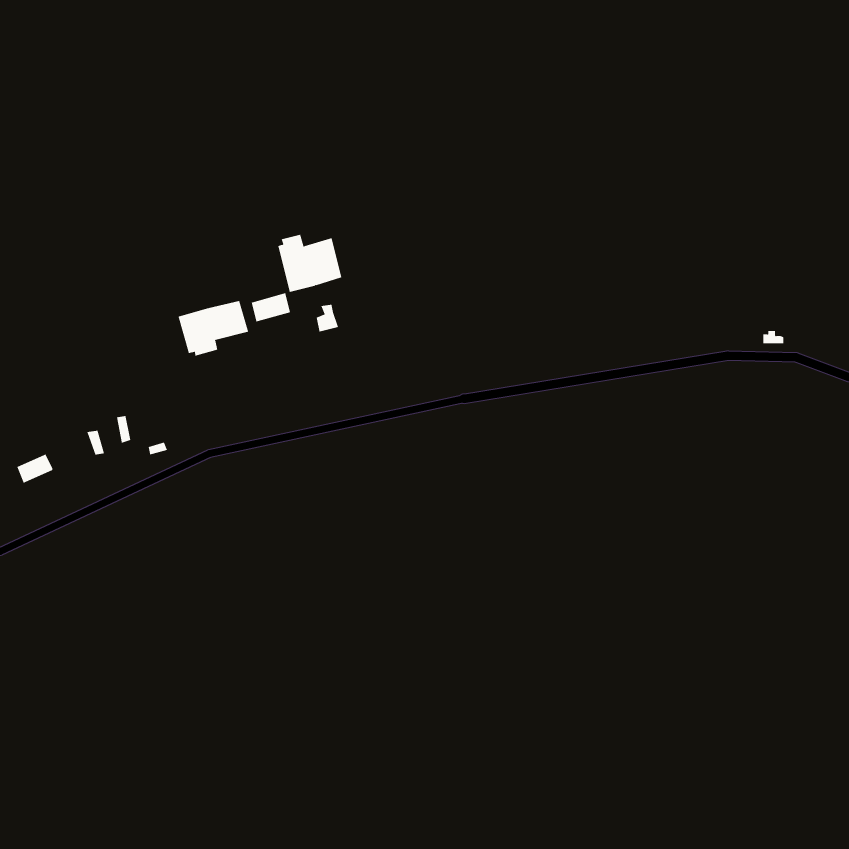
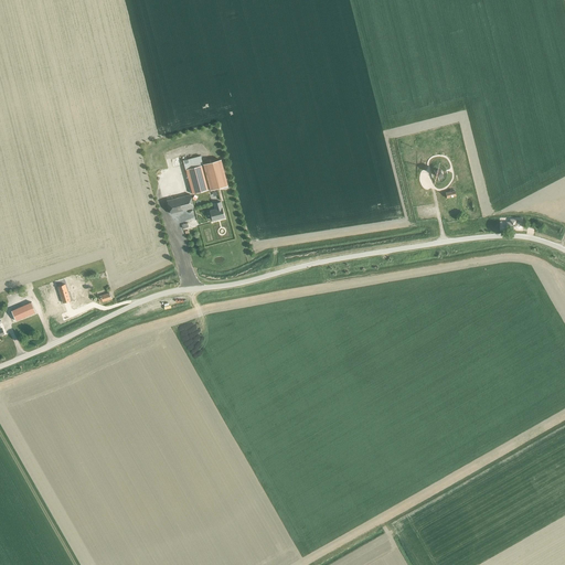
building: [178,300,249,357] -> none

